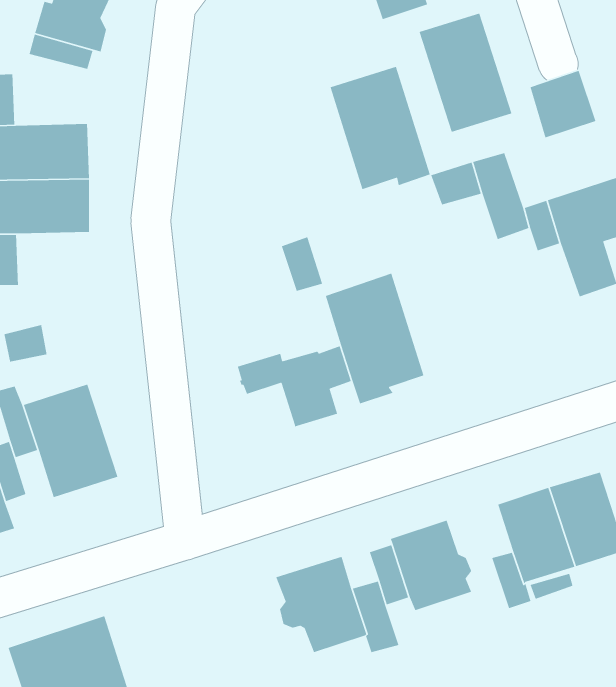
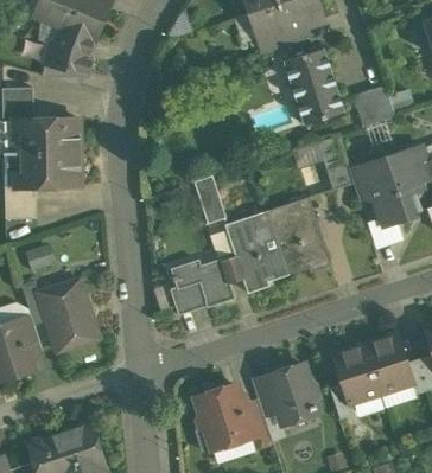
building: [329,66,431,190] -> [267,198,330,275]
building: none -> [170,280,207,315]

